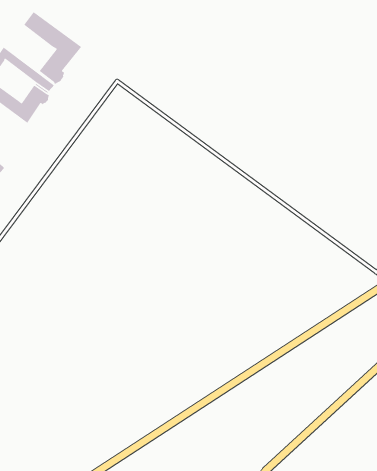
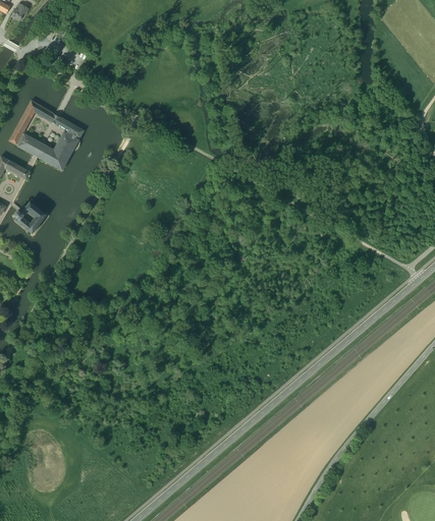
building: [23,11,82,84] -> none

